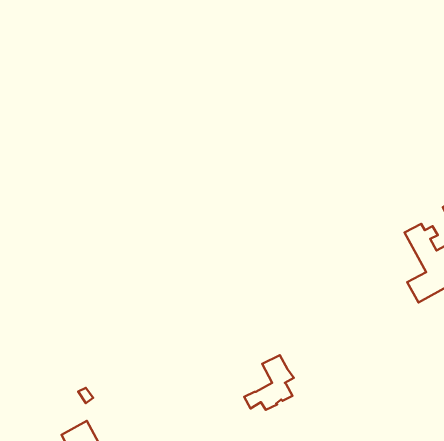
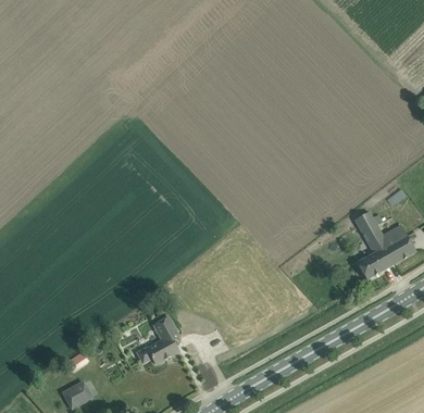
building: [244,355,294,410] -> [137,316,179,363]

